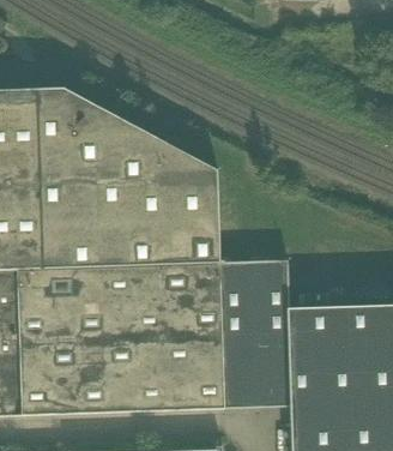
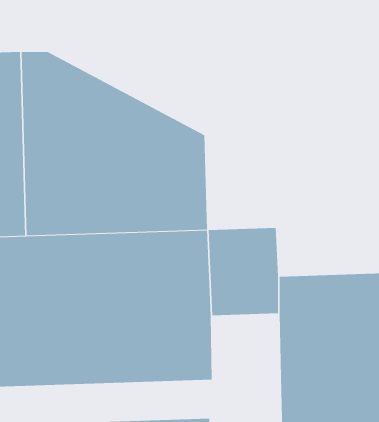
building: [224,344,291,409] -> none

